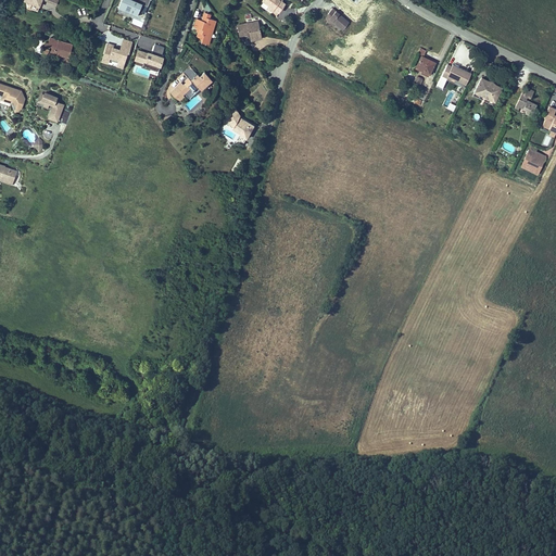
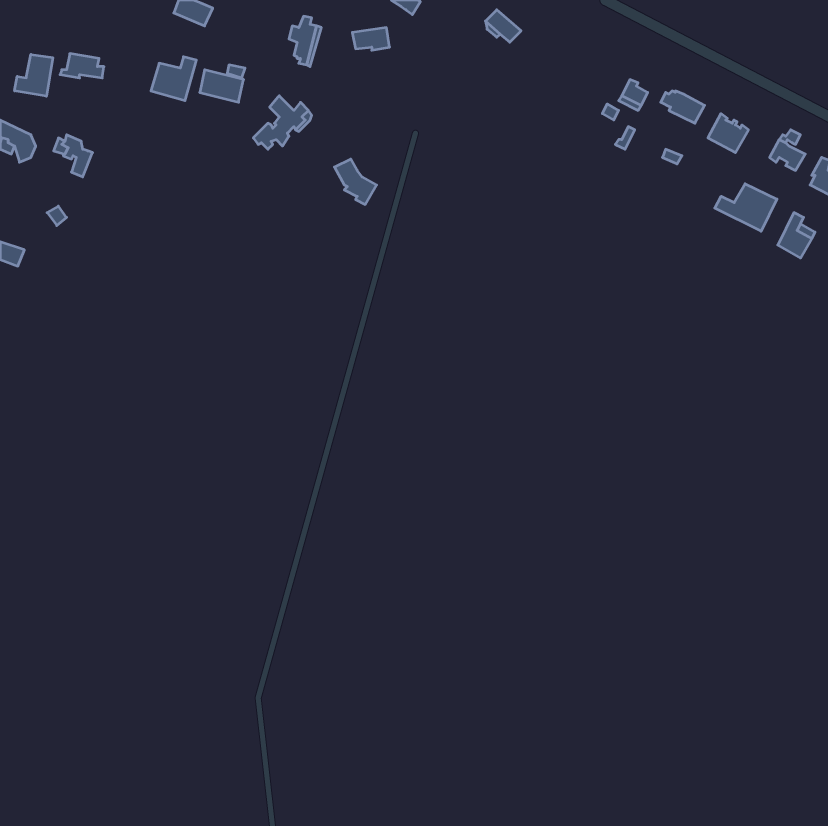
building: none -> [15,54,53,96]
building: none -> [715,184,777,231]

